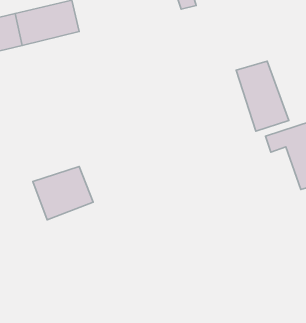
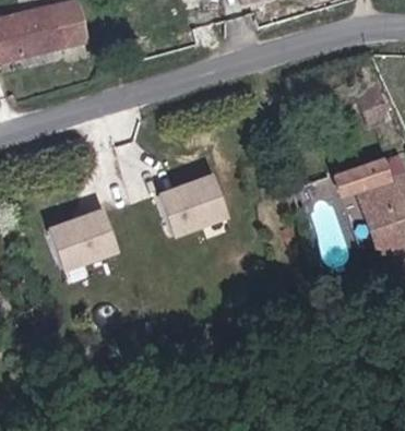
building: [236,61,289,131] -> none
building: none -> [157,171,229,236]

